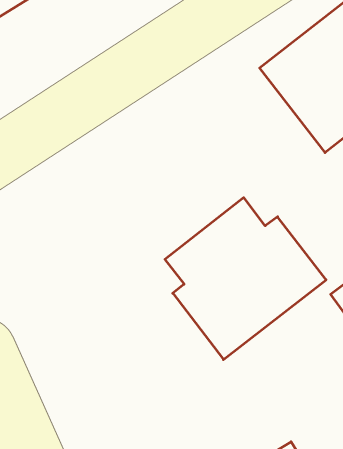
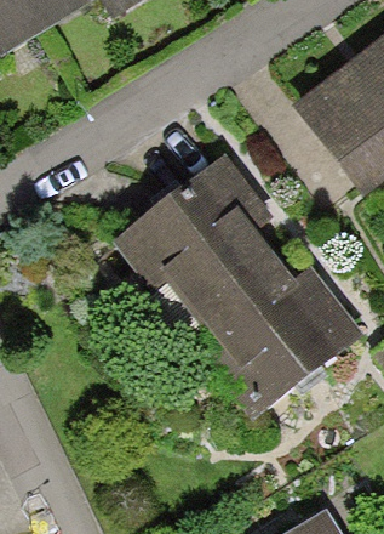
building: none -> [113,152,276,312]

